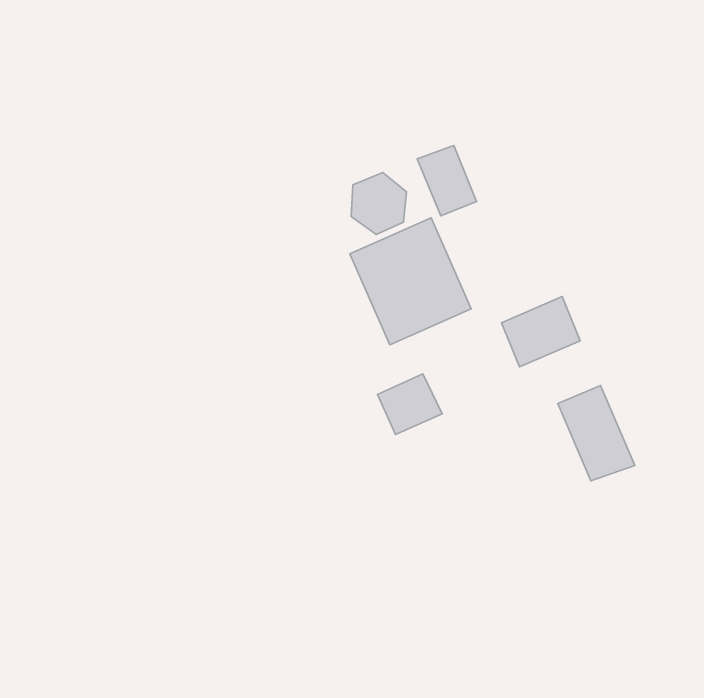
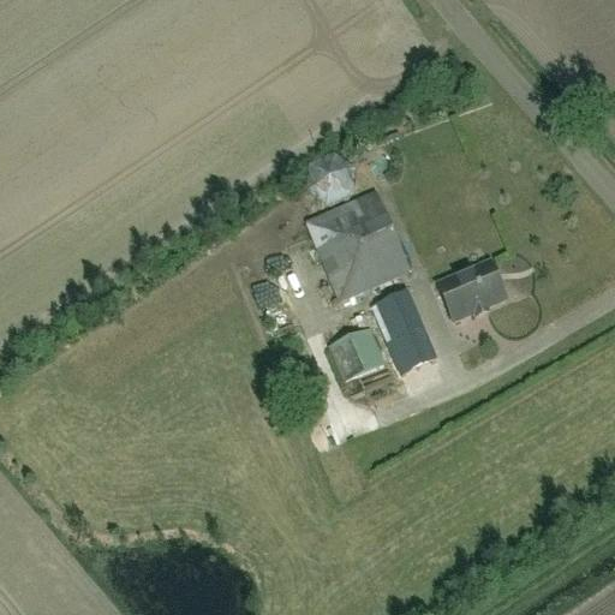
building: [417,145,476,216] -> none
building: [558,386,635,481] -> [370,289,437,372]

